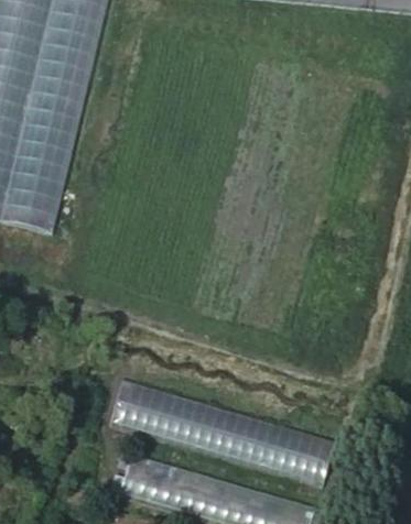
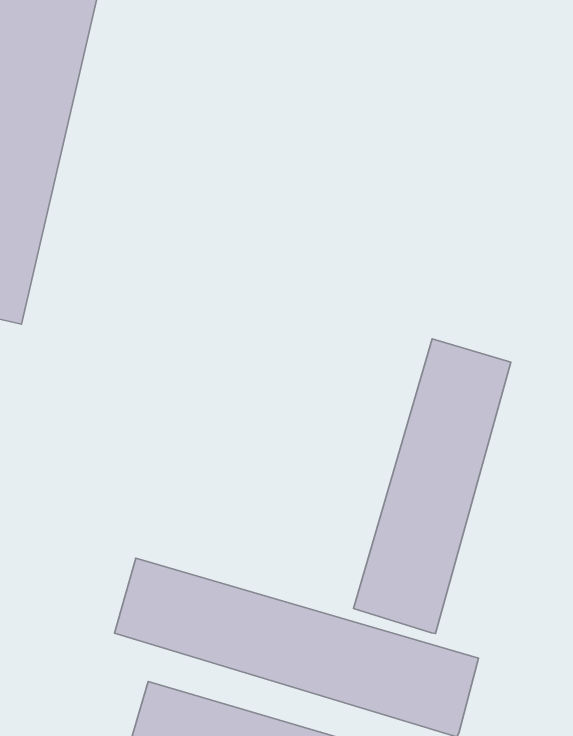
building: none -> [354,339,511,634]

